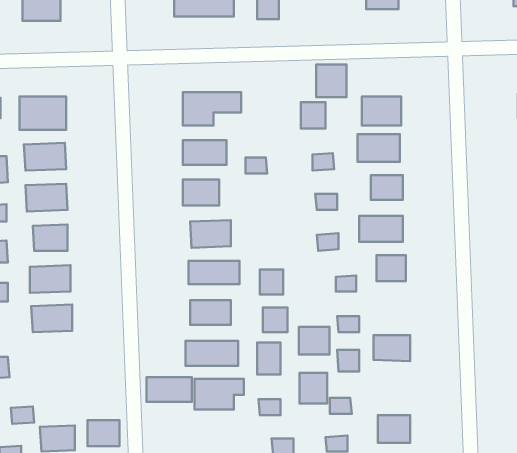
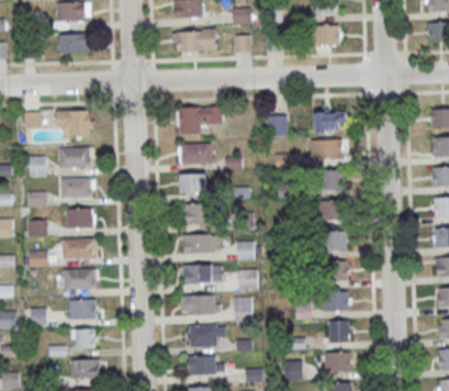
building: [316,64,346,97] -> none
building: [299,327,329,354] -> [324,260,347,281]
building: none -> [70,299,96,319]
building: [299,373,327,403] -> [329,320,350,343]
building: [147,377,192,402] -> [189,356,223,375]
building: [87,420,120,446] -> [72,328,97,348]

